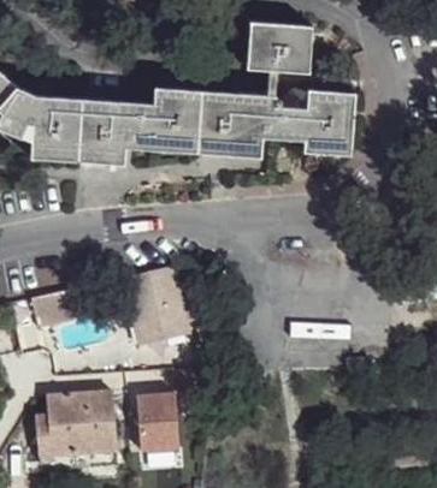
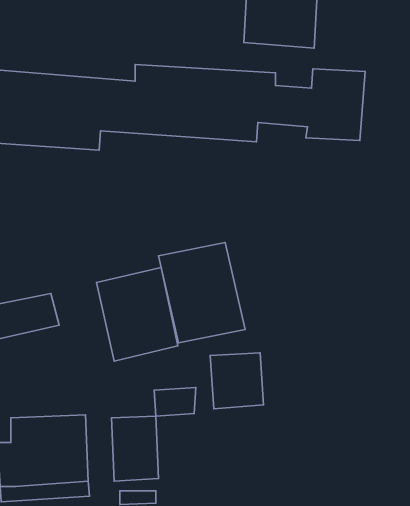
building: none -> [159,243,245,343]
building: none -> [210,353,263,409]

